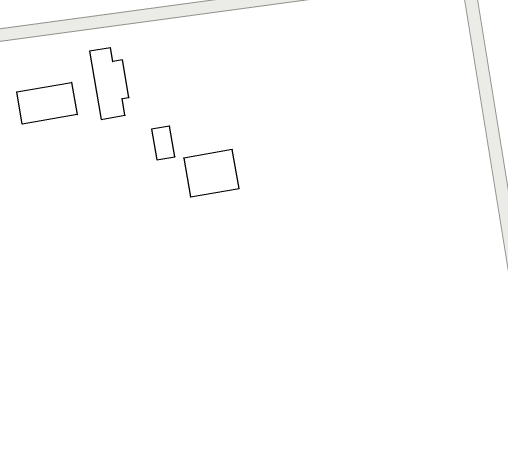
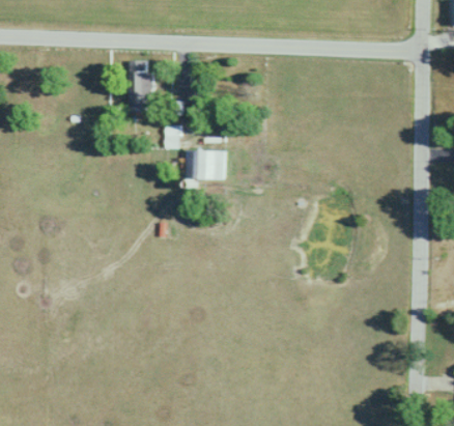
building: [17,82,77,124] -> none

